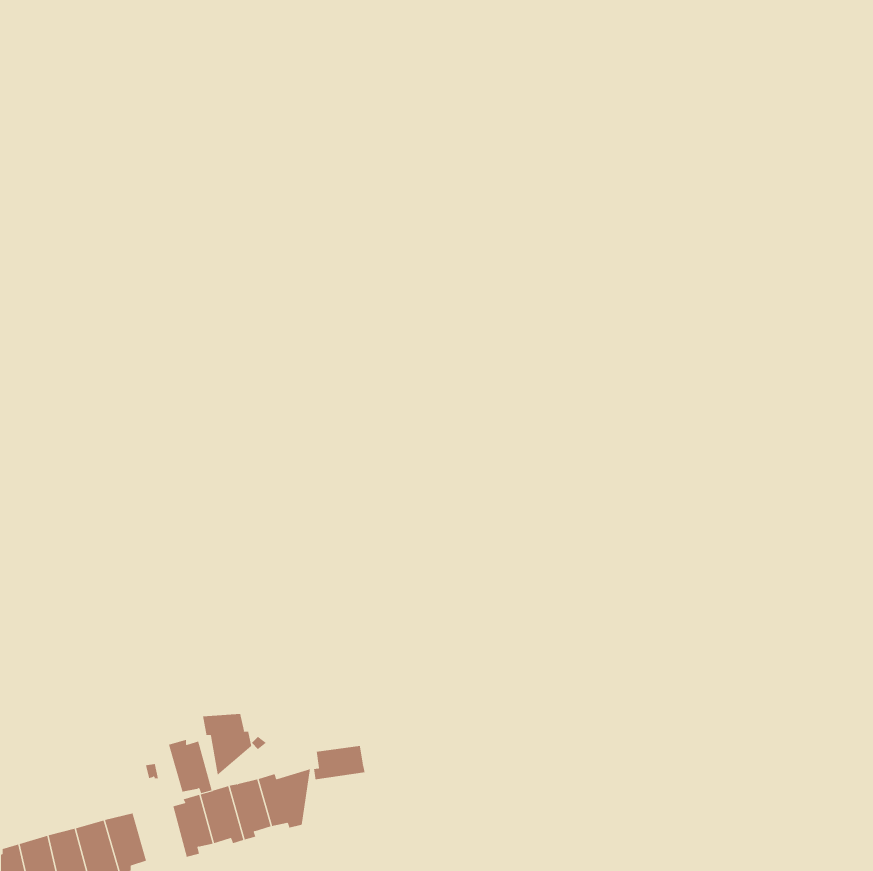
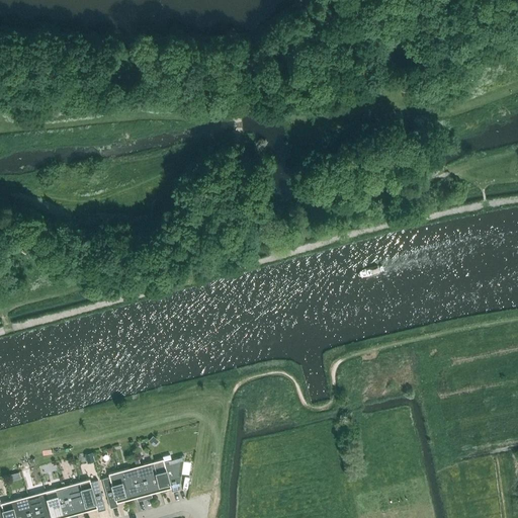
building: [203,713,252,776] -> none
building: [168,739,212,794] -> [79,480,105,512]
building: [314,745,365,780] -> none

